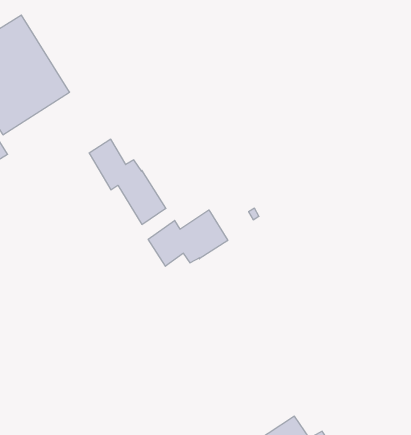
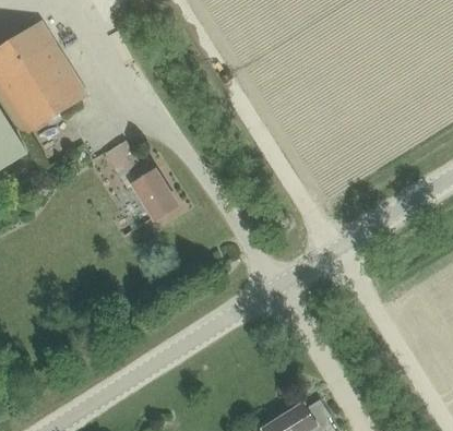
building: [148,210,228,266] -> none

